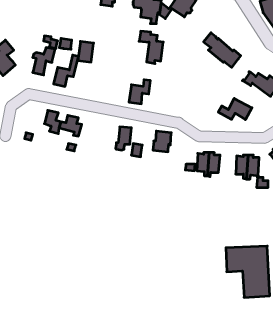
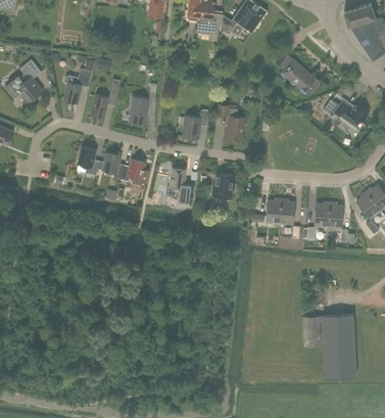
building: [139,31,163,64] -> [215,102,245,142]
building: [78,41,94,62] -> [130,96,149,122]
building: [218,98,252,120] -> none
building: none -> [121,158,147,187]

